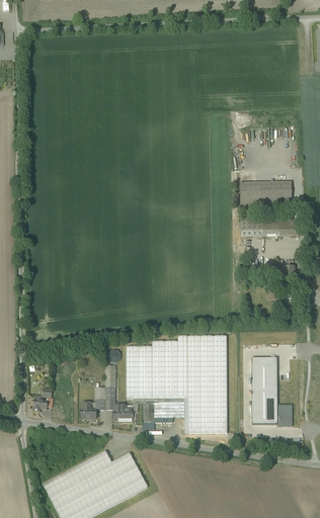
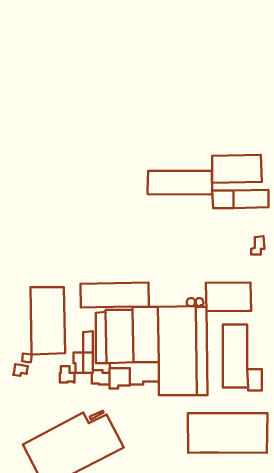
building: none -> [148,171,212,194]
building: none -> [206,282,251,311]
building: none -> [81,283,149,307]
building: none -> [30,287,65,354]
building: none -> [188,413,267,453]

